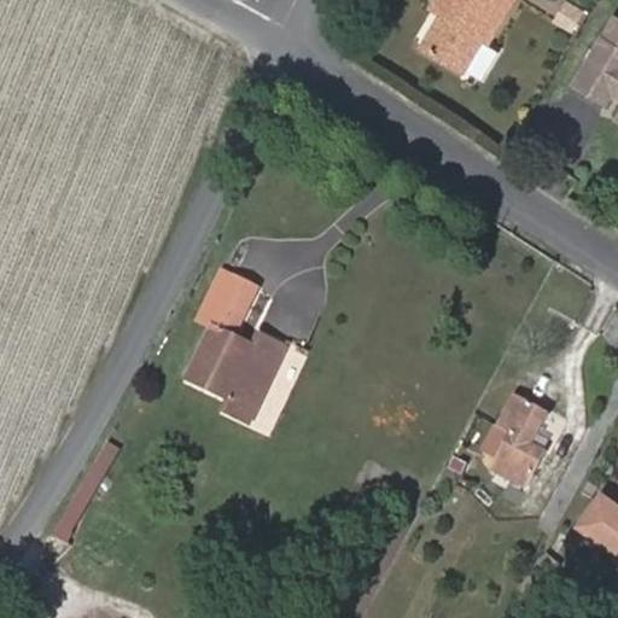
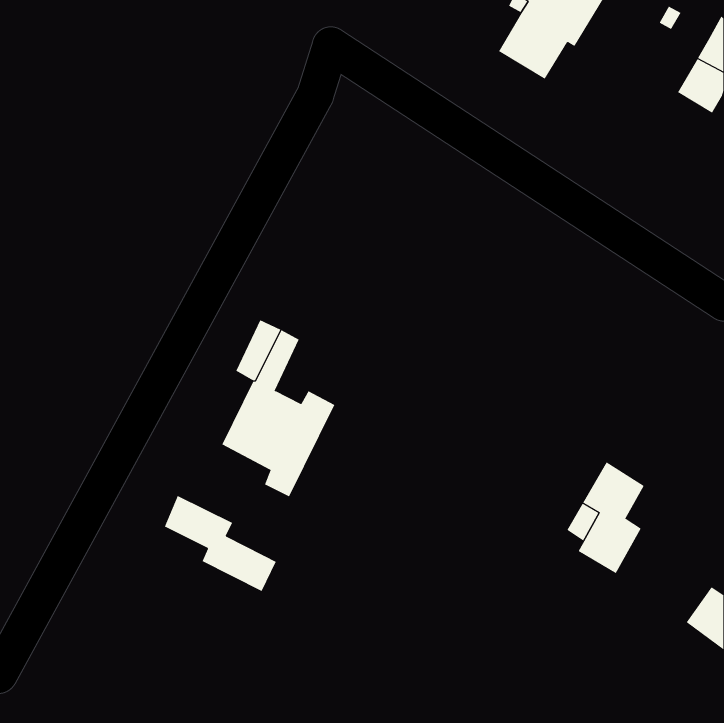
building: none -> [164,495,277,592]

